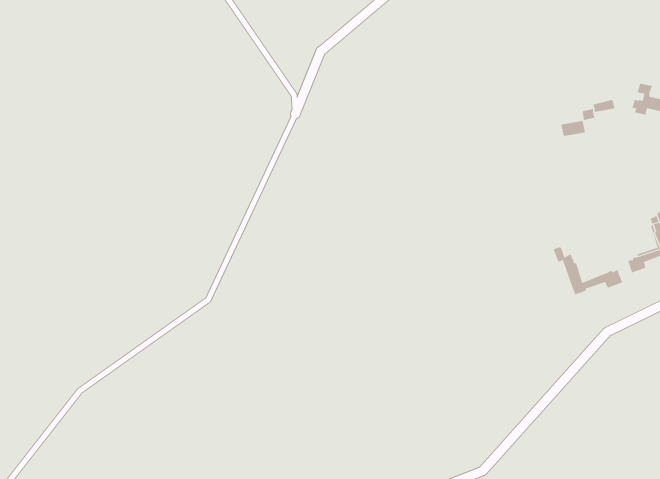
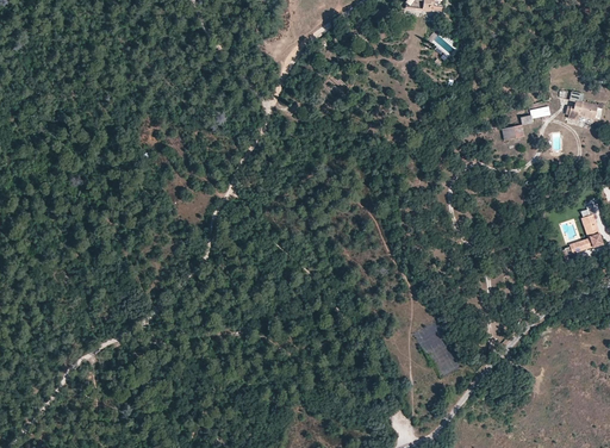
building: [553,247,623,295] -> none

